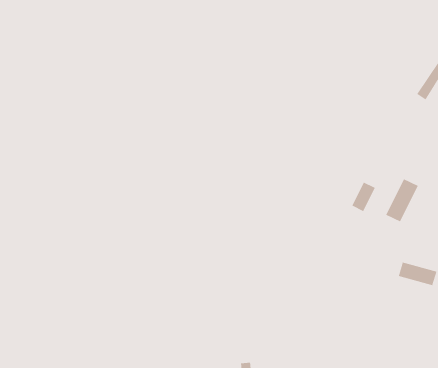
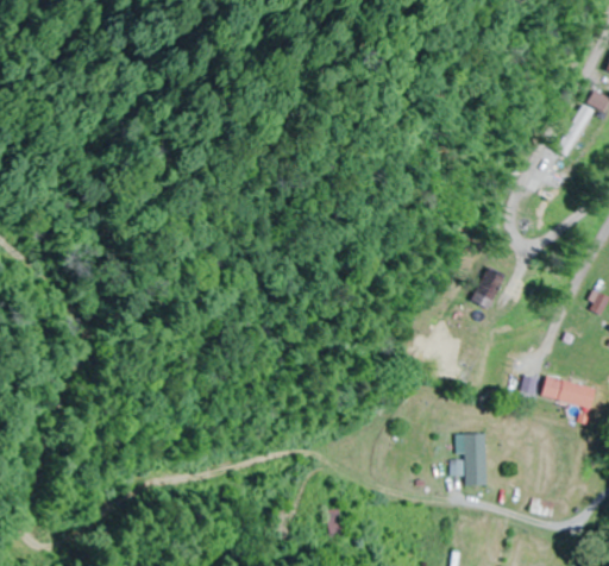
building: [385,178,419,222] -> none
building: none -> [462,433,484,485]

